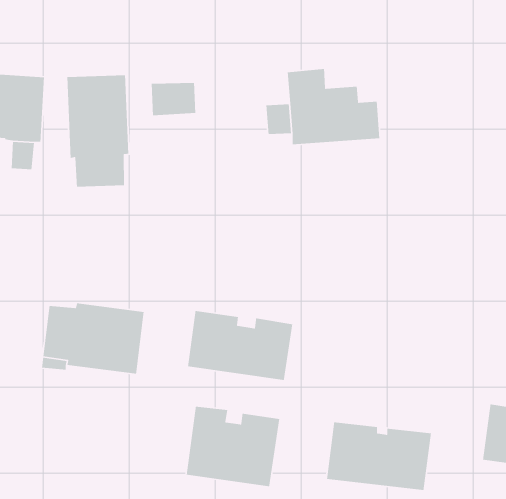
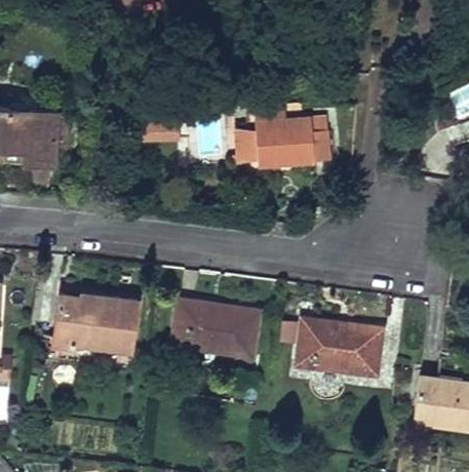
building: [67,75,129,187] -> none
building: [186,406,280,487] -> none
building: [326,421,432,491] -> [296,319,382,376]

